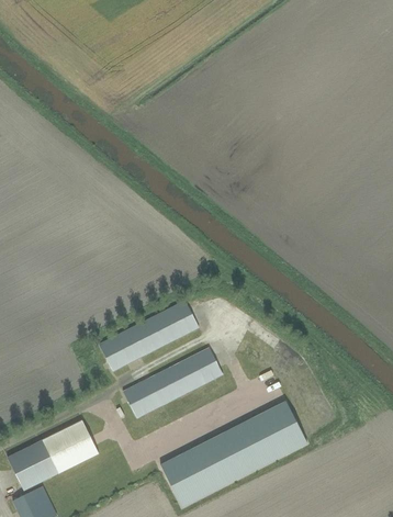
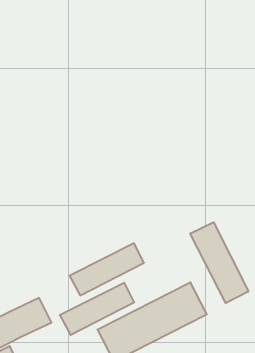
building: [98,301,198,371] -> [60,283,134,335]
building: none -> [190,222,248,303]

